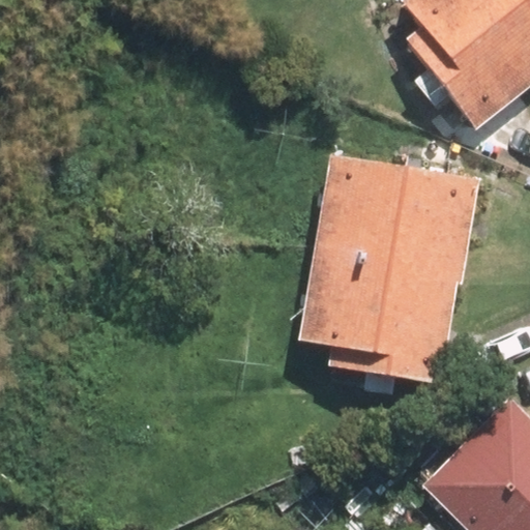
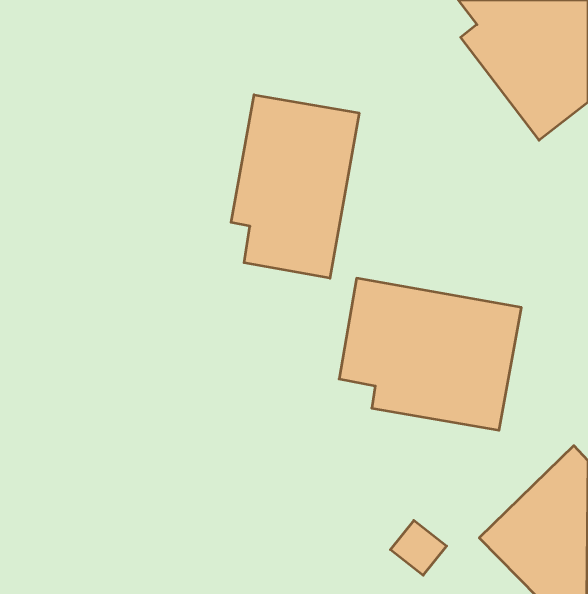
building: none -> [231,95,359,278]
building: [316,155,478,275] -> none

